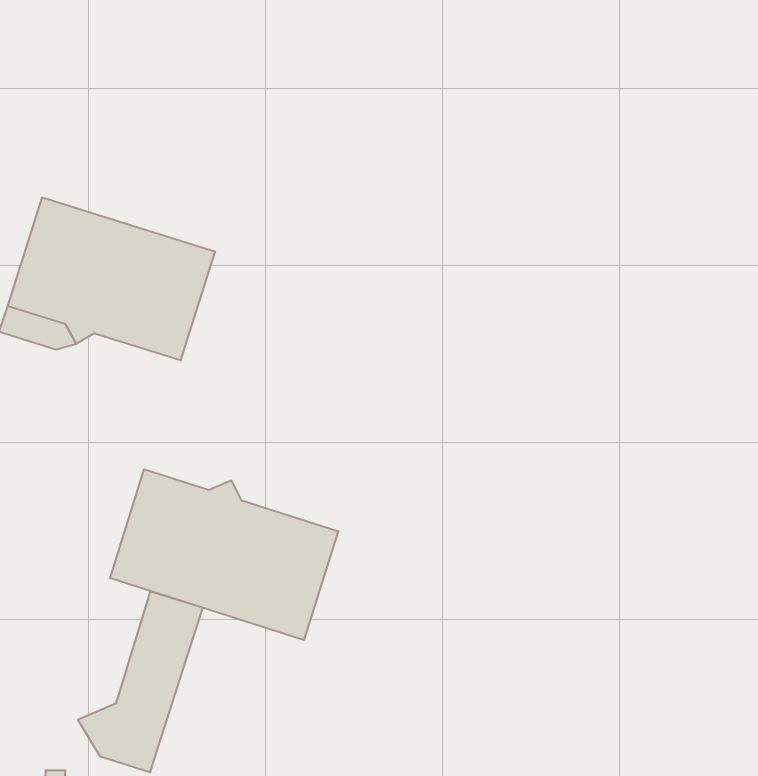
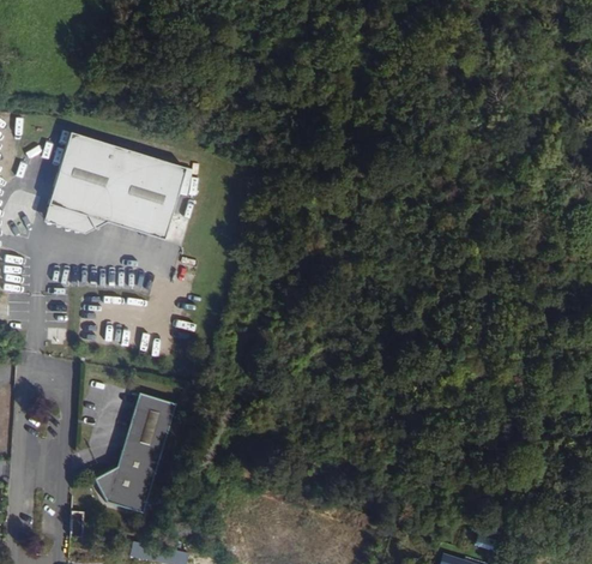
building: [110,469,338,640] -> none

